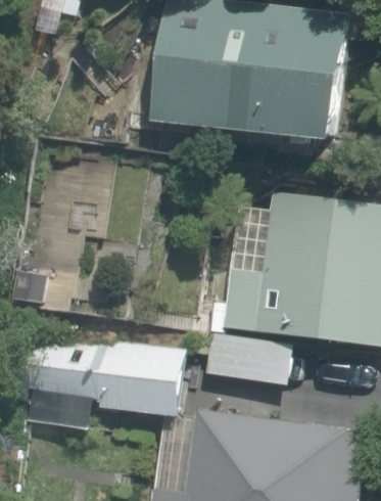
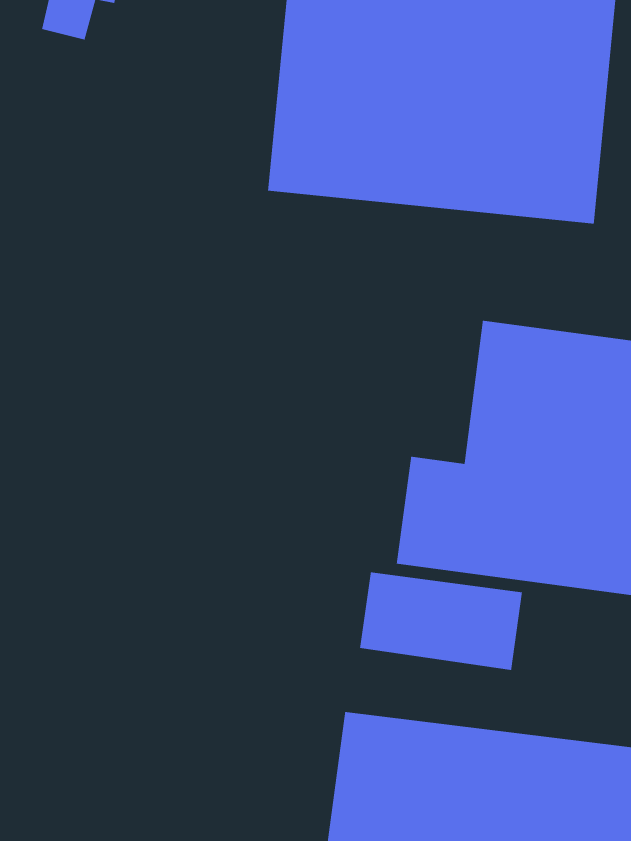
building: [25,330,187,429] -> none

